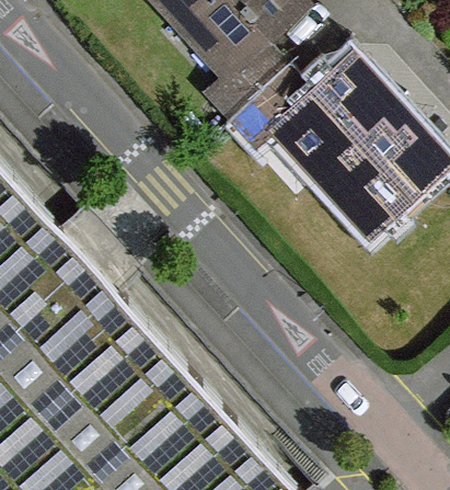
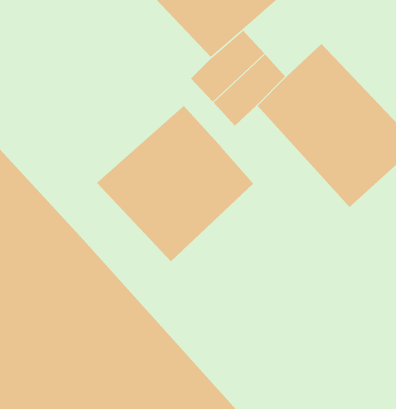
building: none -> [96,105,254,262]

